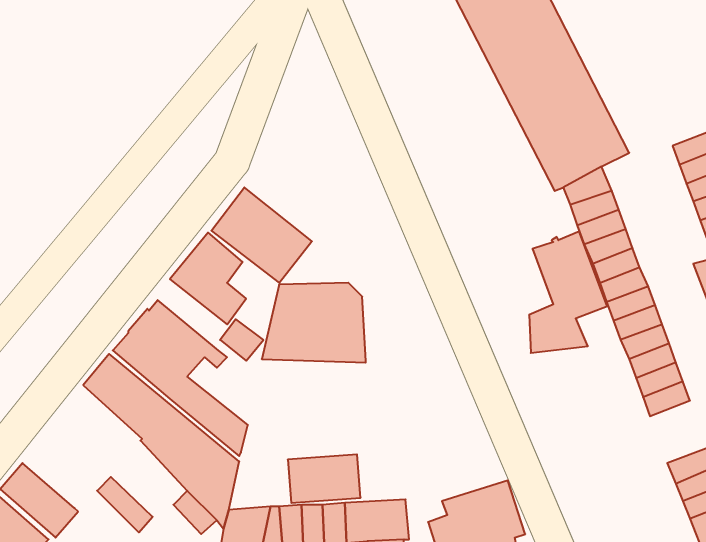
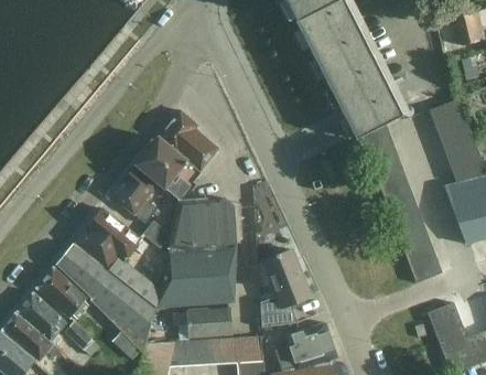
building: none -> [160,111,218,170]
building: [529,232,607,353] -> [261,250,311,328]
building: none -> [156,247,237,307]
building: none -> [36,269,89,320]
building: none -> [18,293,66,342]

